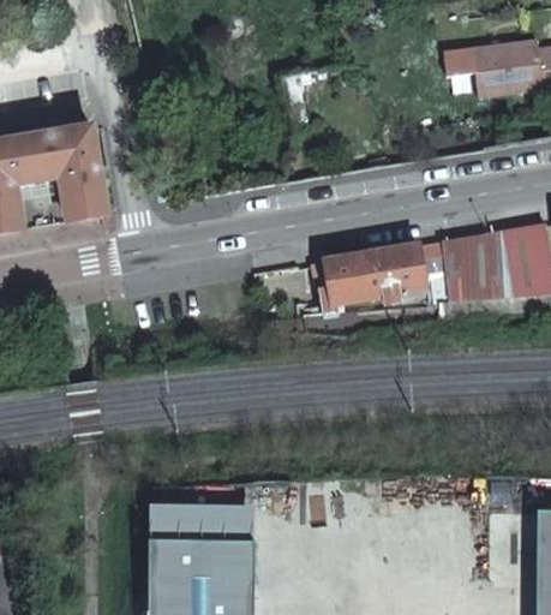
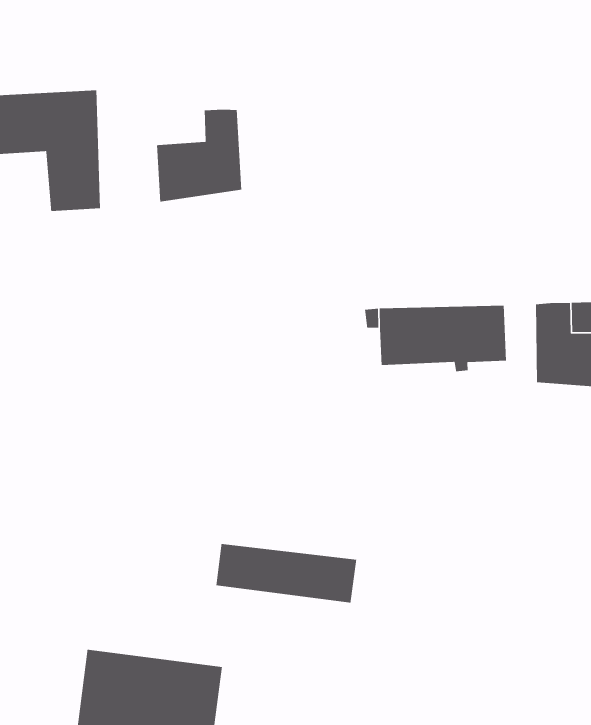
building: none -> [156,109,242,203]
building: [140,509,244,543] -> [215,543,357,603]

